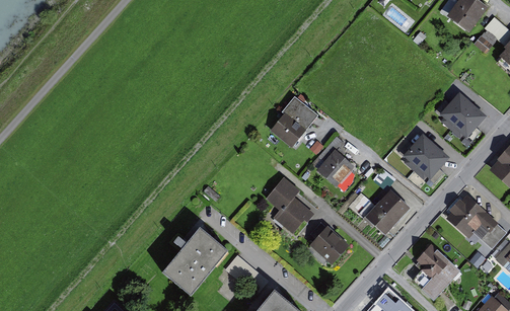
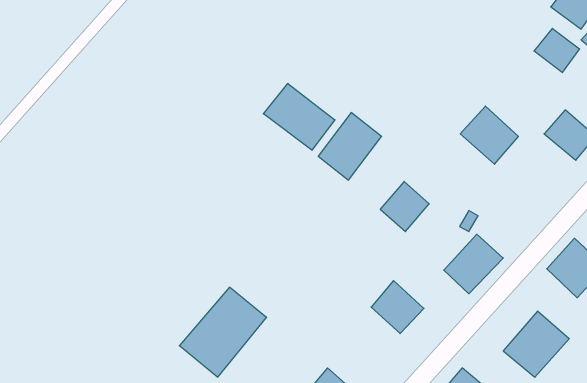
building: none -> [534,28,580,73]
building: none -> [263,83,335,150]
building: [405,133,449,177] -> [460,106,518,164]
building: [265,176,313,233] -> none

